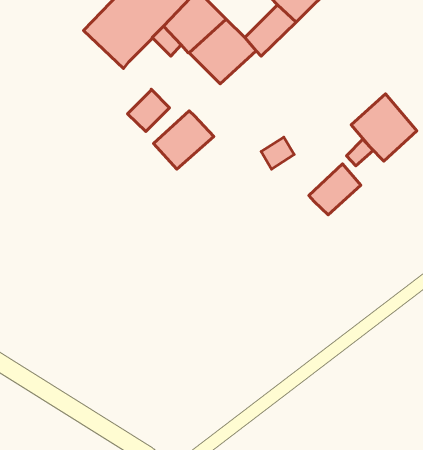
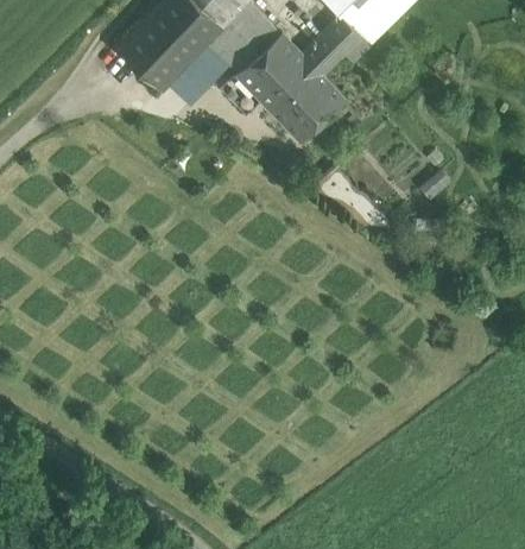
building: [127,89,170,131] -> [169,55,217,103]
building: [351,94,417,161] -> none
building: [153,111,214,169] -> [274,70,344,138]
building: [309,164,361,215] -> none

